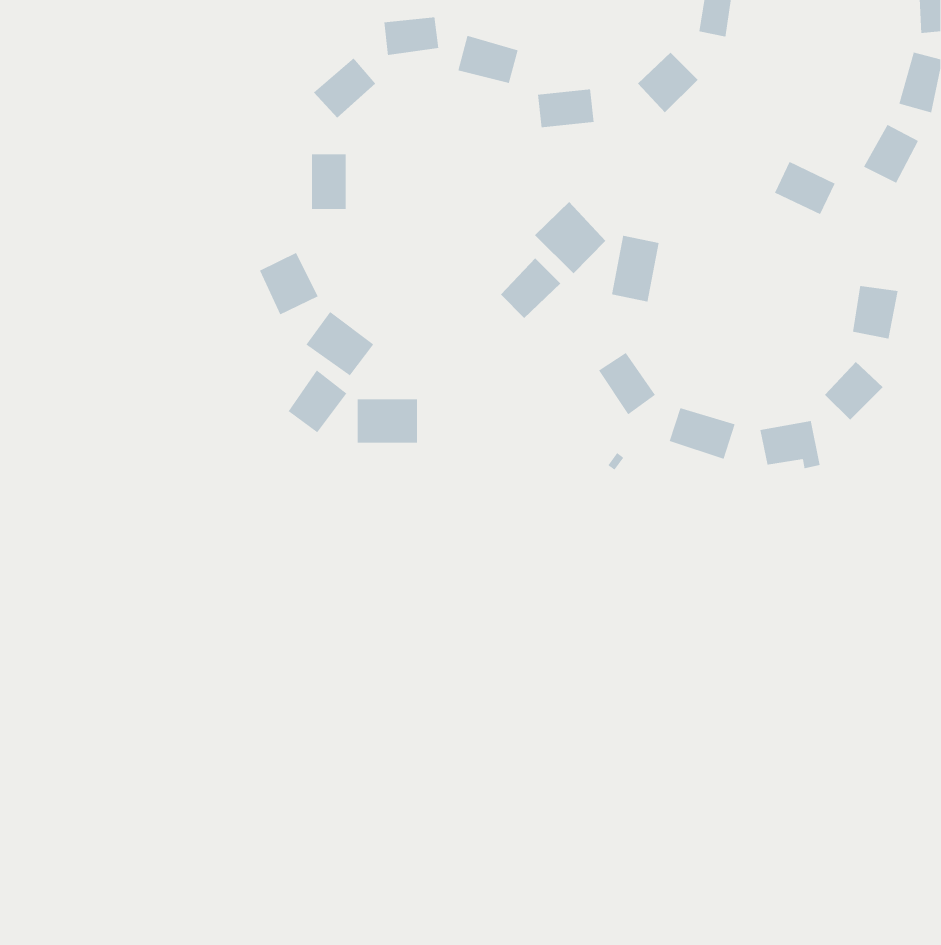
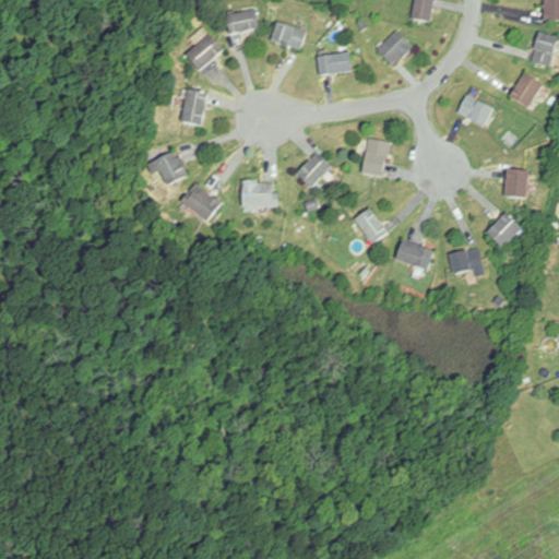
building: [534,201,606,274] -> none
building: [288,370,347,433] -> none
building: [357,399,418,443] -> [240,181,276,207]

